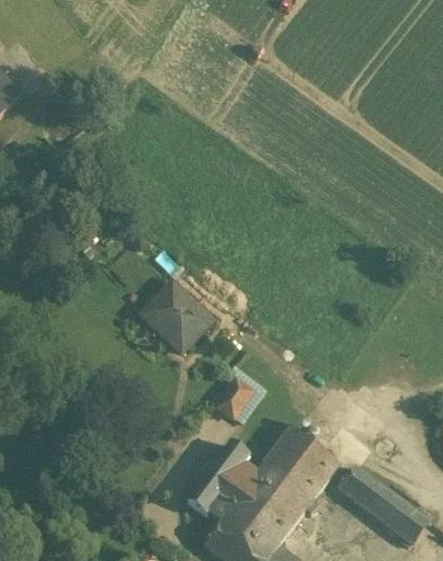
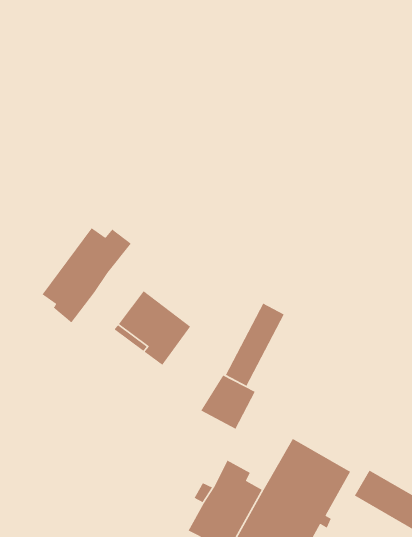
building: none -> [41,227,132,324]
building: none -> [225,302,285,387]

